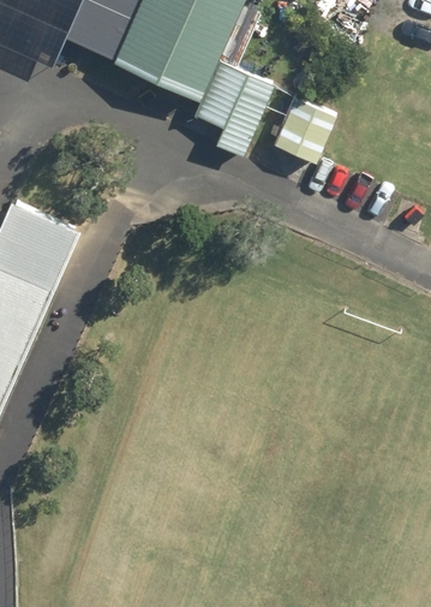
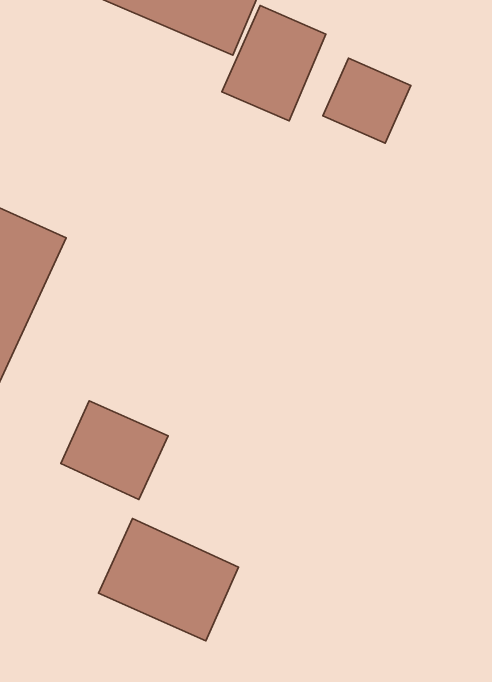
building: none -> [61,401,168,499]
building: none -> [98,519,238,641]

